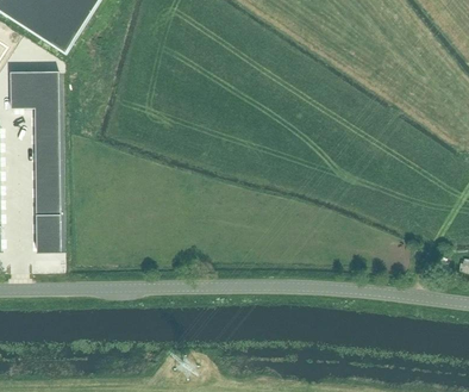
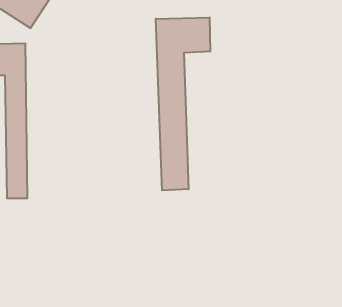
building: none -> [156,17,210,190]

